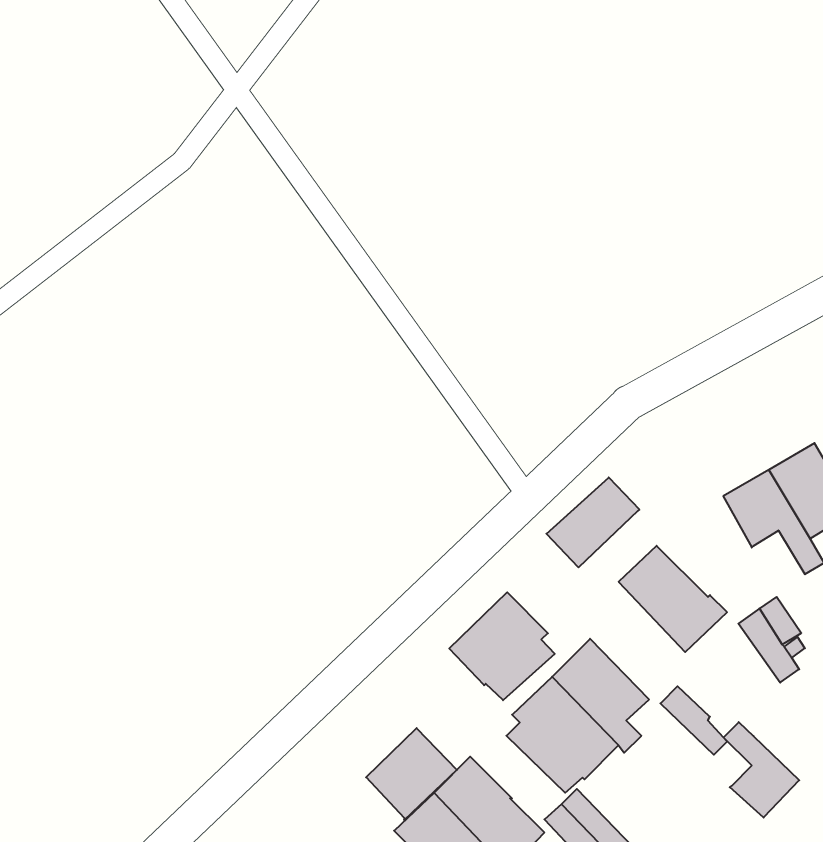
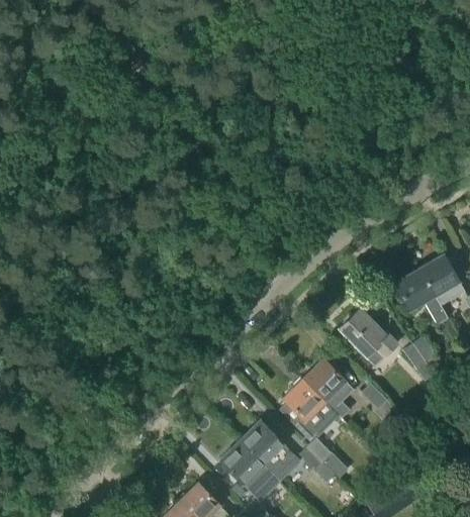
building: [546,477,639,567] -> none
building: [449,592,555,700] -> none
building: [724,722,799,818] -> none
building: [366,728,457,820] -> none

